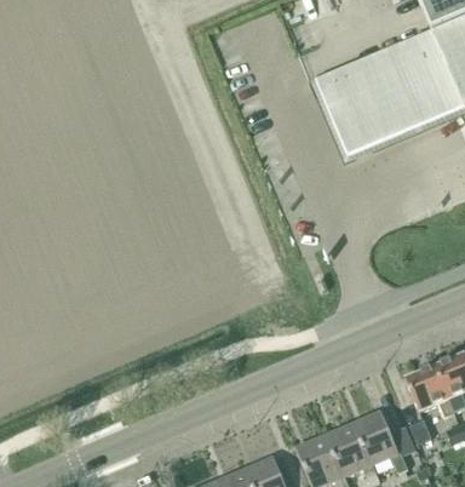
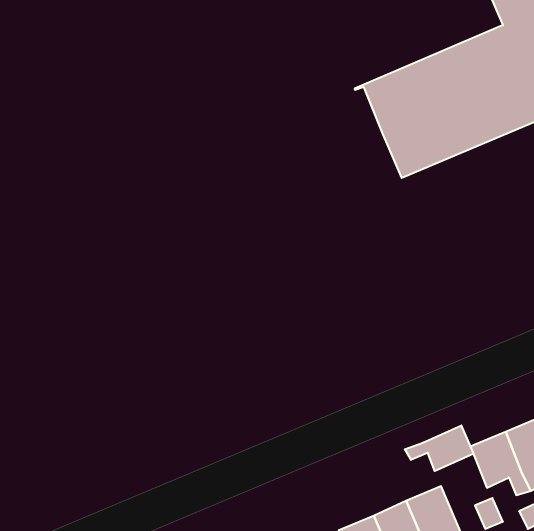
building: none -> [405,425,473,471]

